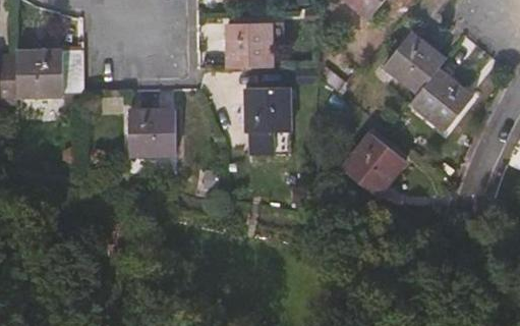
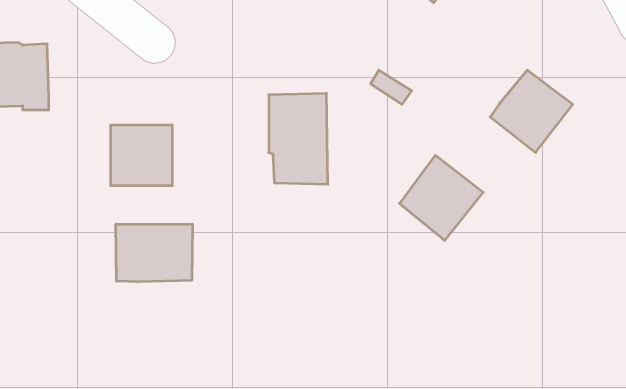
building: [228,22,273,67] -> none
building: [384,32,445,94] -> none
building: none -> [116,224,192,282]

